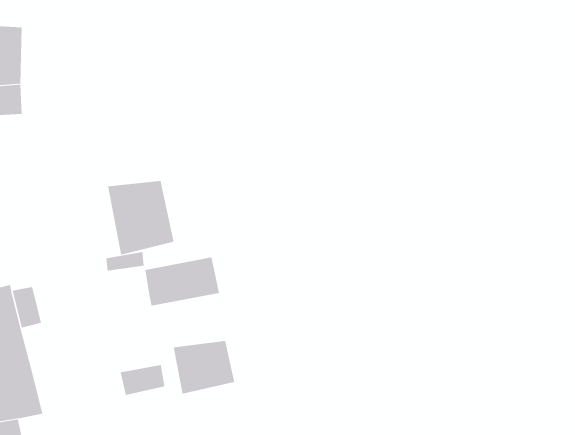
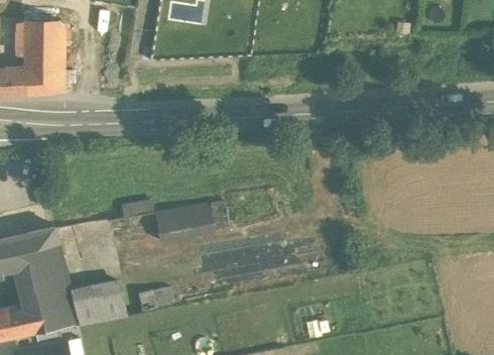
building: [107,180,174,255] -> none
building: [173,340,235,394] -> none
building: none -> [68,282,123,325]

